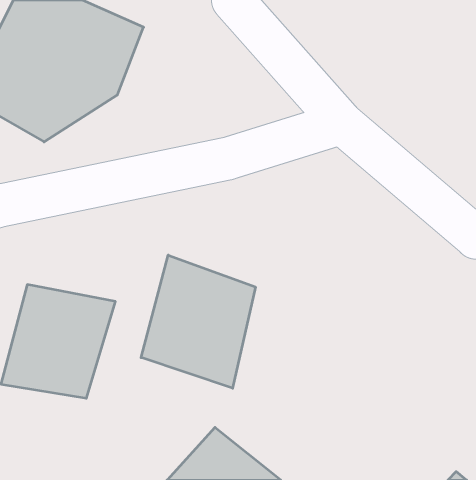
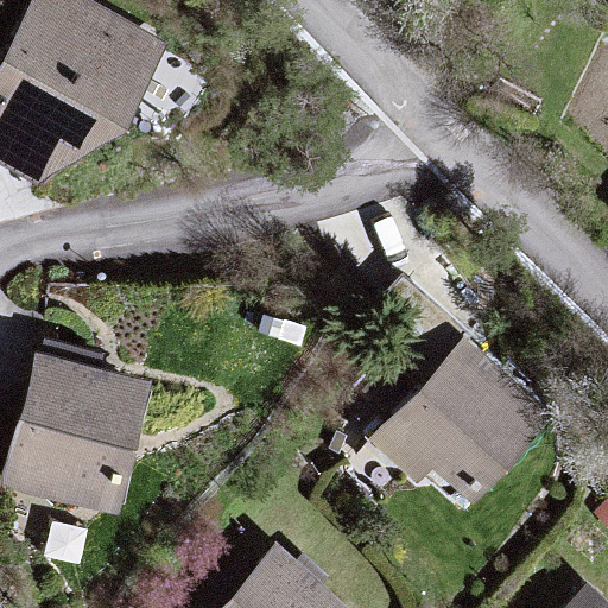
building: [141,255,255,388] -> none
building: none -> [373,341,547,515]

